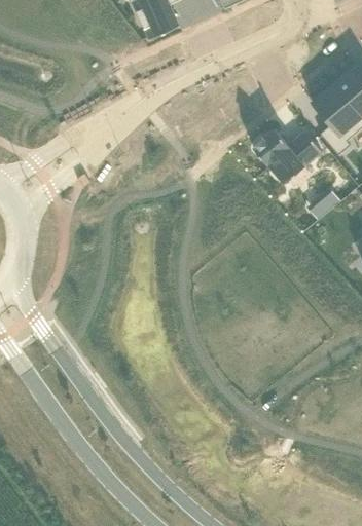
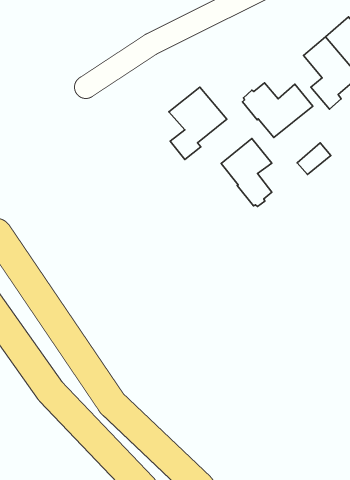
building: none -> [169,87,227,159]
building: none -> [221,138,272,206]

